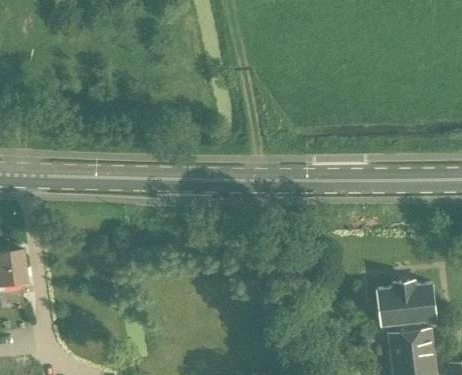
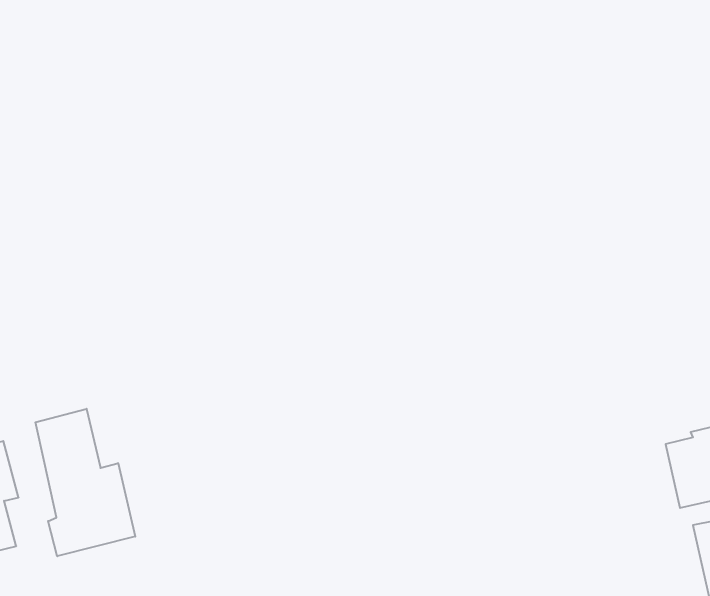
building: none -> [35,409,135,556]

